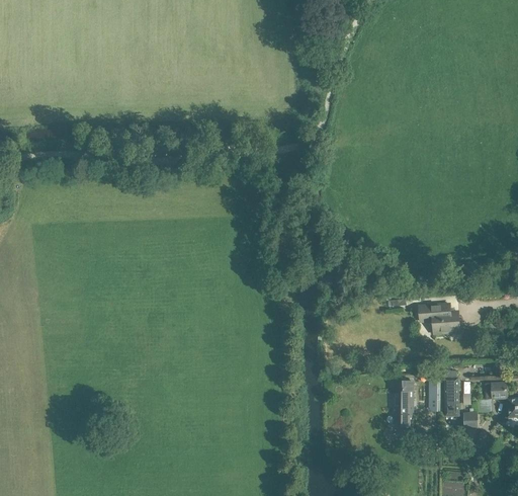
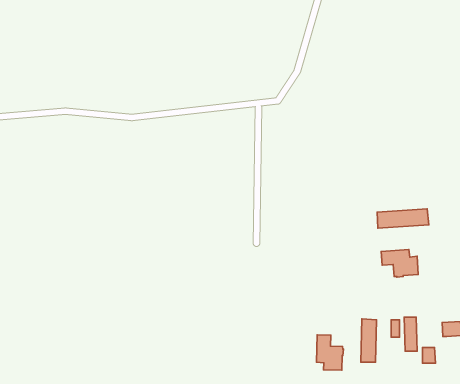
building: none -> [377,209,429,228]
building: none -> [317,335,344,370]

